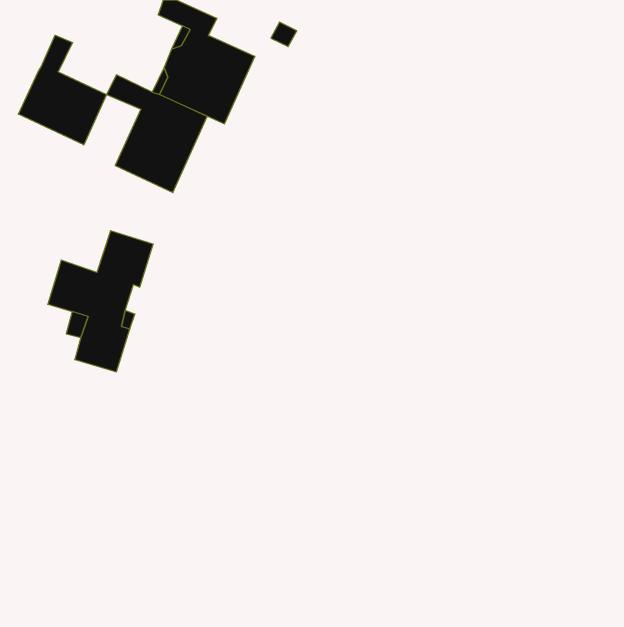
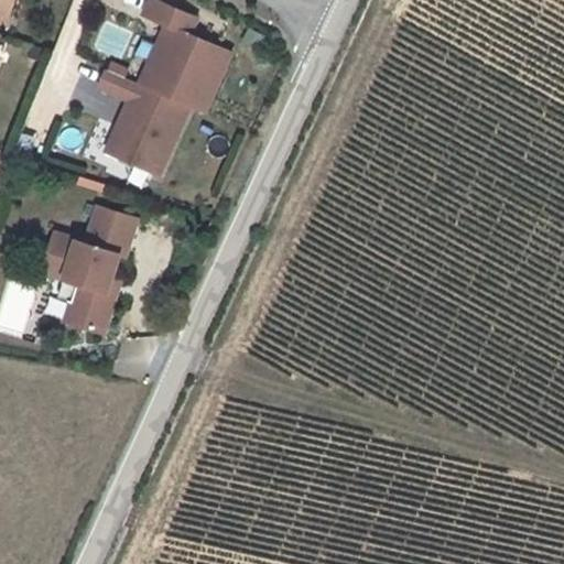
building: [18,35,107,145] -> none

